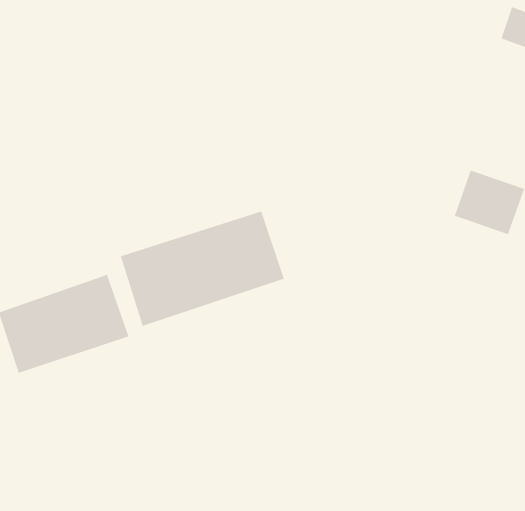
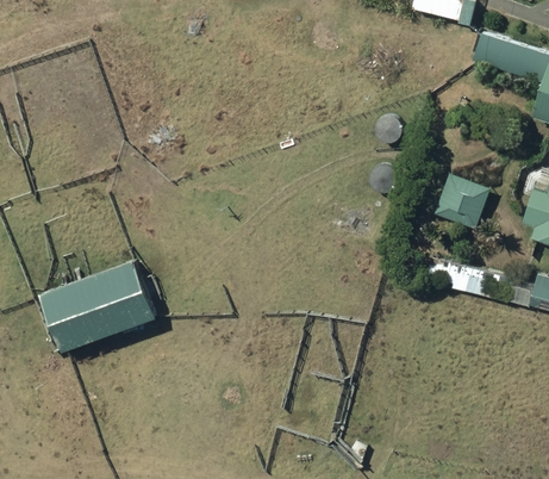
building: [120,210,285,327] -> none

